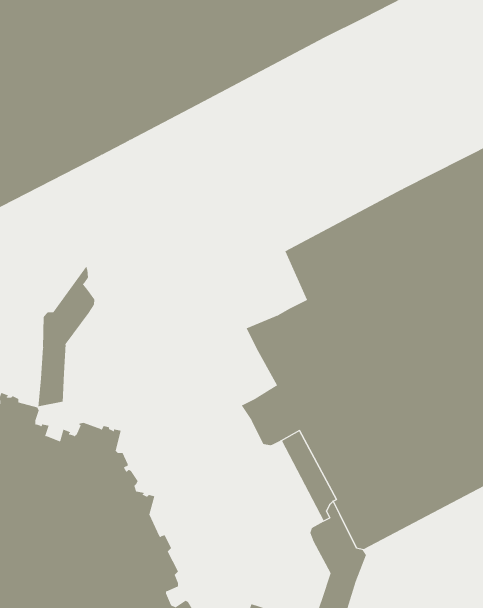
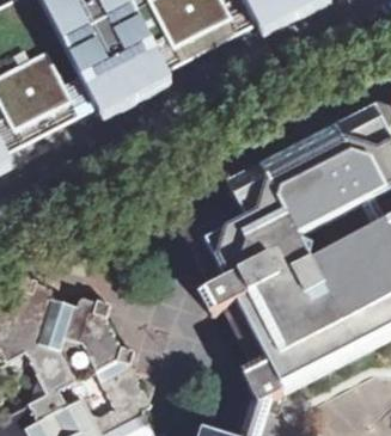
building: [38,266,95,407] -> none

